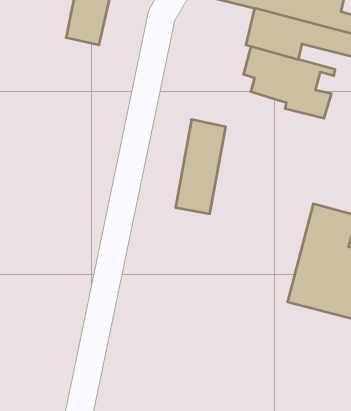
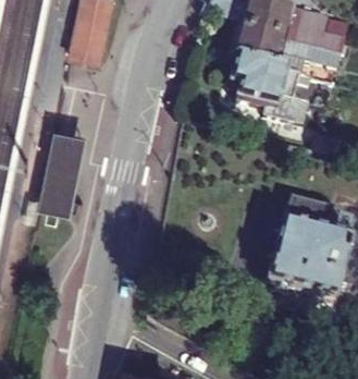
building: [176,120,226,214] -> [40,120,85,204]

